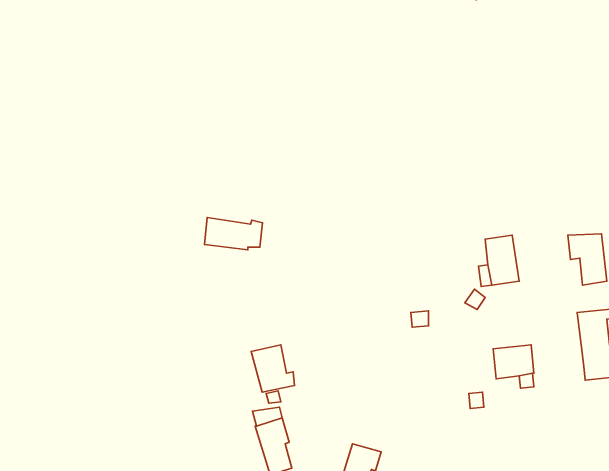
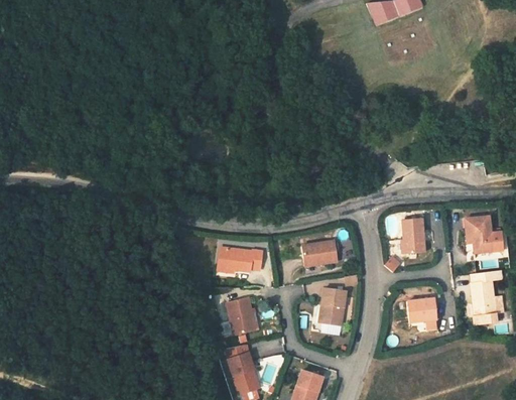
building: [204,217,263,250] -> [218,246,261,270]
building: none -> [302,238,338,265]
building: none -> [320,289,345,323]

